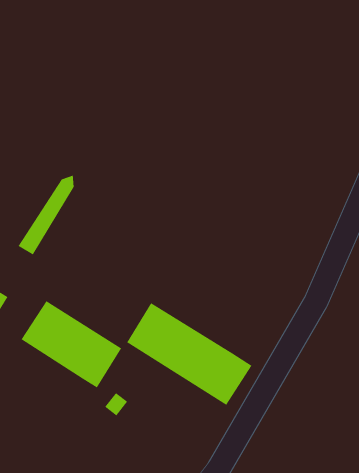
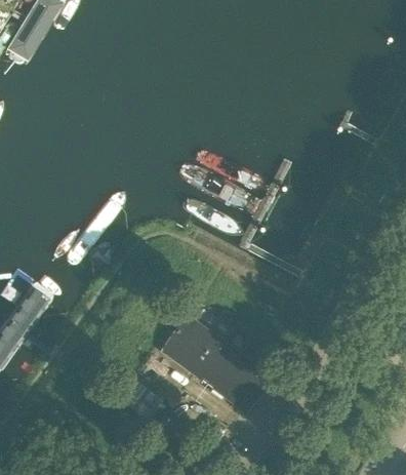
building: [21,300,122,389] -> none

